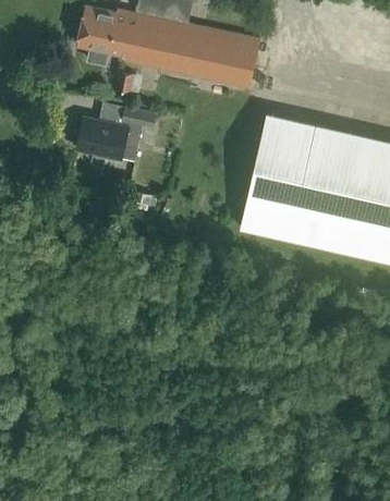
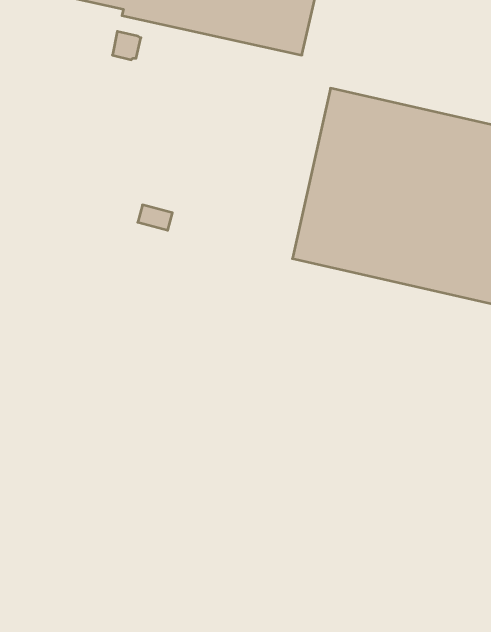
building: [77,109,157,159] -> none

